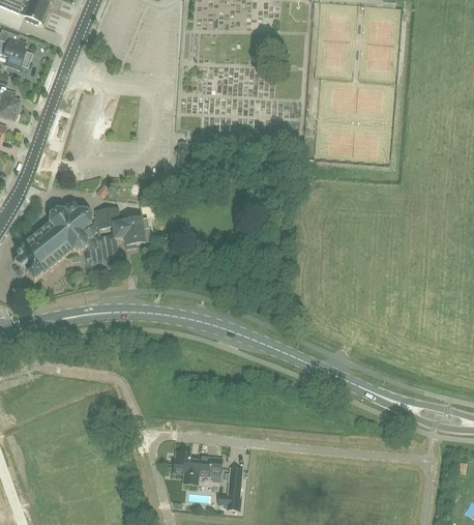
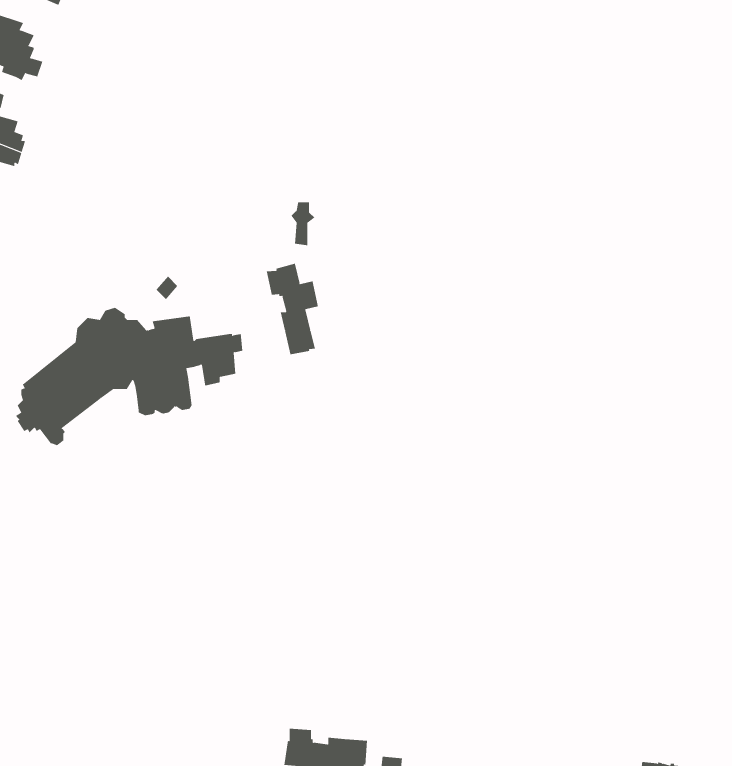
building: none -> [266,263,319,355]

